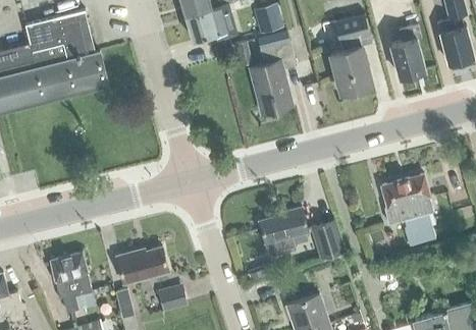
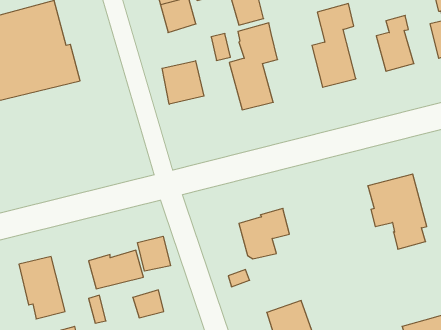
building: none -> [162,61,204,104]
building: [310,219,346,261] -> none
building: none -> [138,236,170,271]

